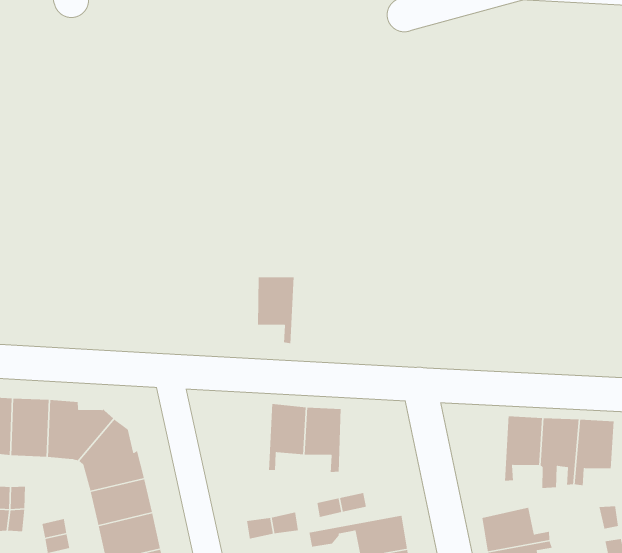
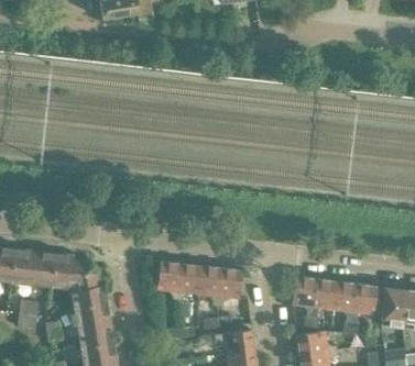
building: [257,276,295,344] -> [157,262,181,301]
building: none -> [217,268,240,306]
building: none -> [292,276,315,315]

